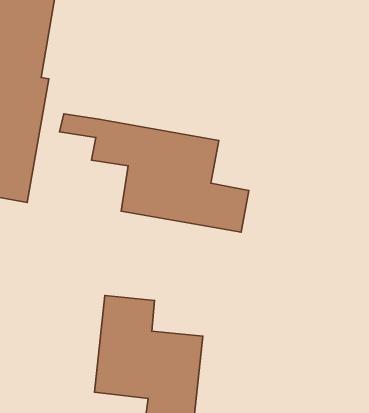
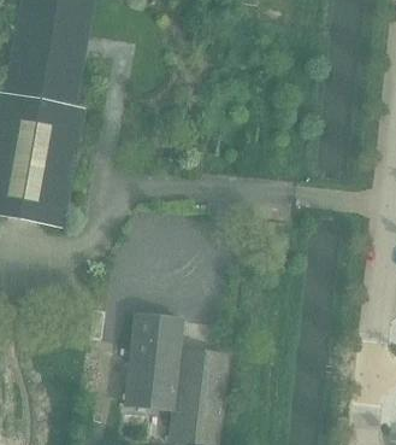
building: [59,114,249,232] -> none

